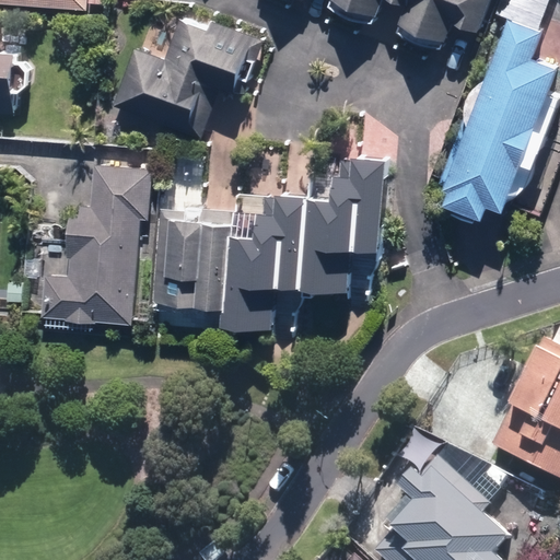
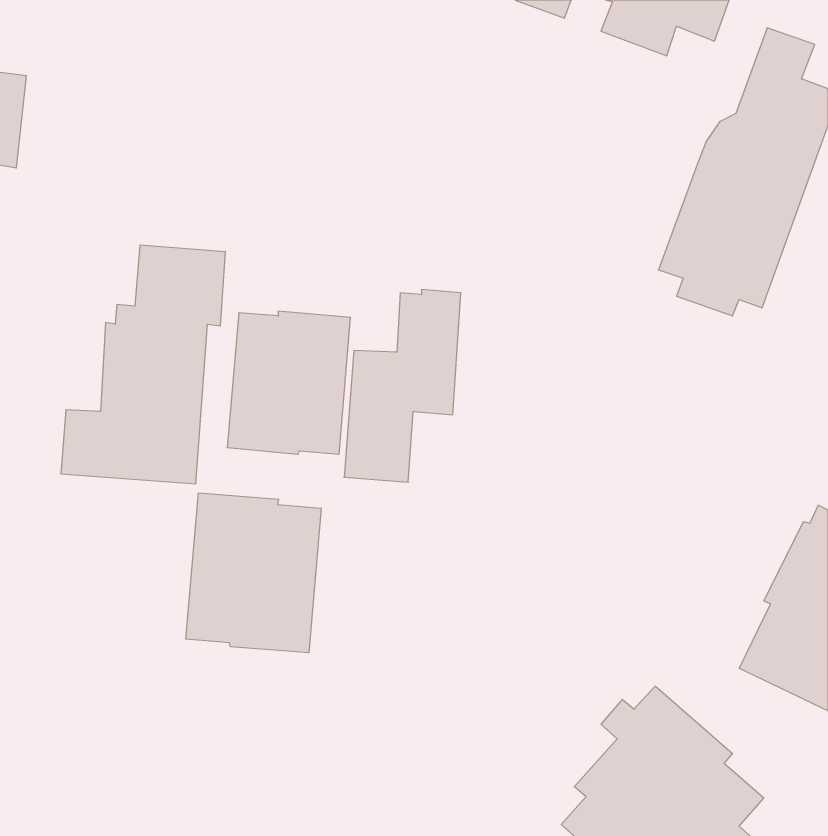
building: [112,20,260,139] -> none
building: [305,159,386,285] -> none
building: none -> [186,493,321,653]

